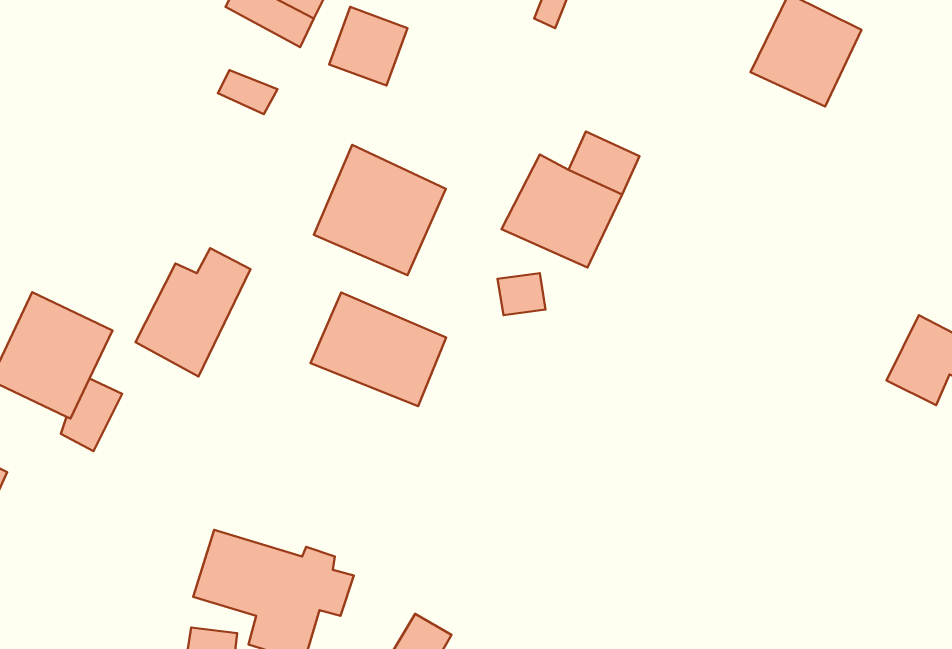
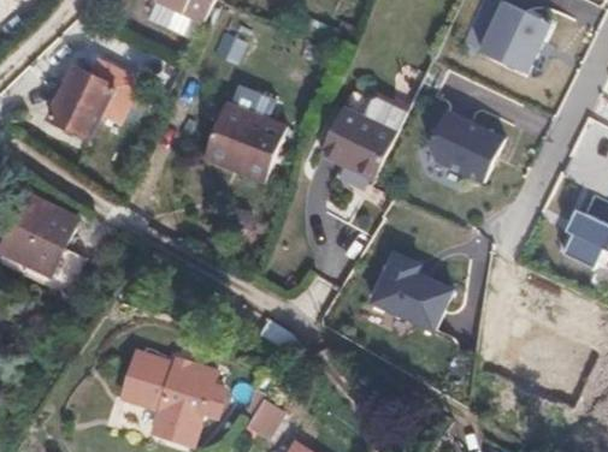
building: none -> [427,113,502,184]
building: [135,248,250,377] -> [48,55,120,136]
building: [310,292,446,406] -> none
building: none -> [367,255,448,333]

